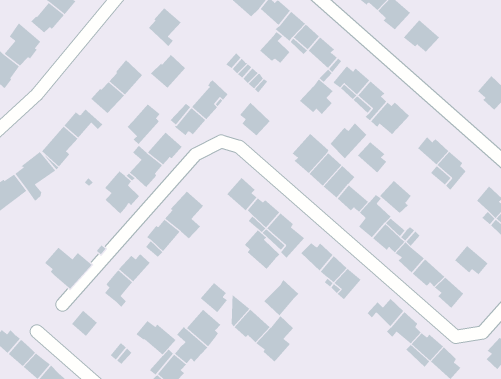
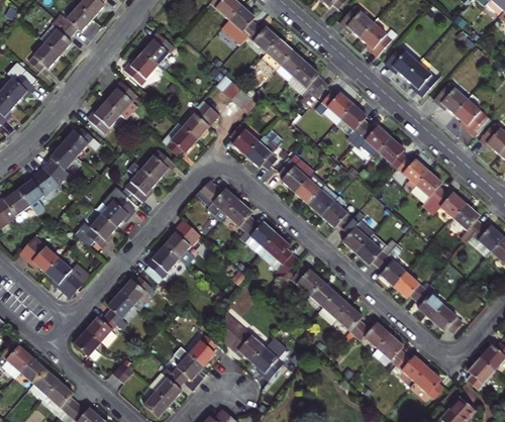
building: [259,31,290,64] -> none
building: none -> [408,67,439,100]
building: [150,54,186,89] -> [127,58,161,90]
building: none -> [436,86,470,117]
building: [299,78,334,115] -> [248,138,281,173]
building: [127,103,160,145] -> none
building: [330,122,367,159] -> none
building: [357,141,387,174] -> [381,140,409,171]
building: none -> [193,180,234,217]
building: none -> [431,193,468,220]
building: [379,180,412,214] -> none
building: none -> [78,220,120,253]
building: none -> [21,241,62,279]
building: [244,229,280,270] -> none
building: [454,245,488,275] -> [432,308,465,336]
building: [263,279,299,316] -> none
building: none -> [334,295,363,326]
building: [200,282,228,313] -> none
building: none -> [85,307,116,335]
building: [135,320,177,355] -> none

